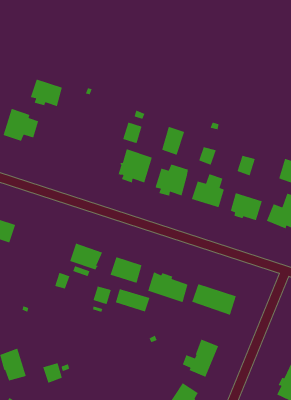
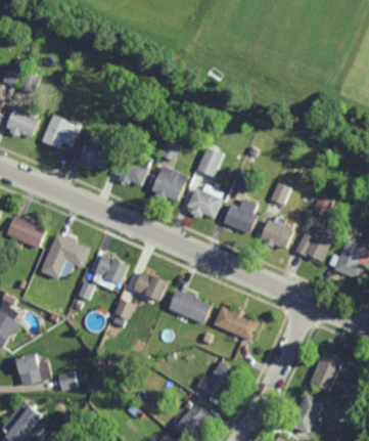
building: [30,78,63,107] -> [79,139,112,170]
building: none -> [113,155,149,185]
building: none -> [41,234,90,278]
building: [115,288,151,313] -> none

